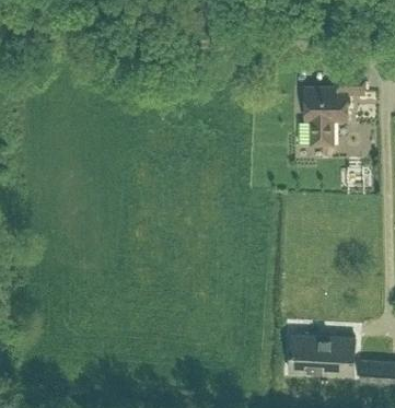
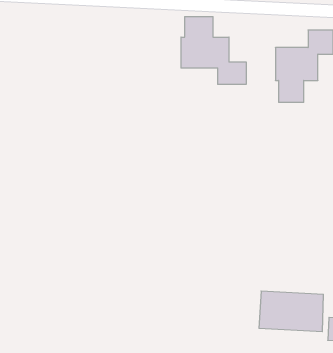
building: none -> [181,17,246,84]

